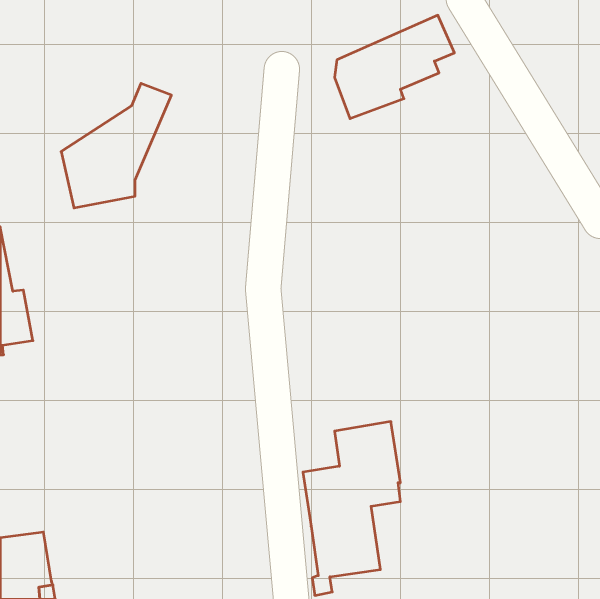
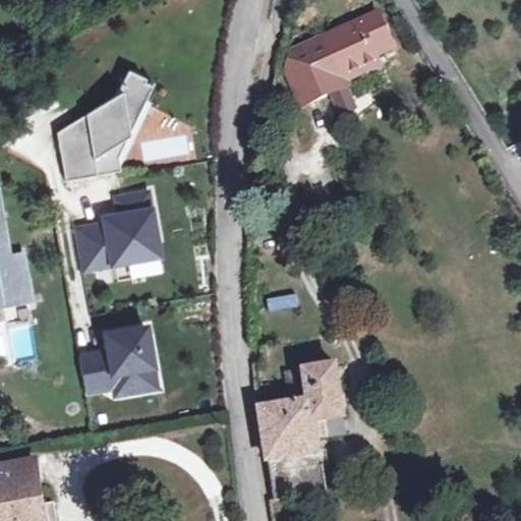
building: none -> [77,190,152,267]
building: none -> [78,325,151,392]

